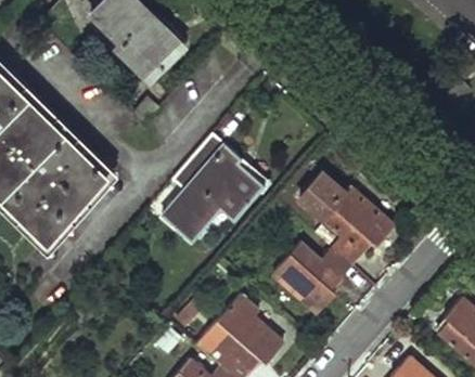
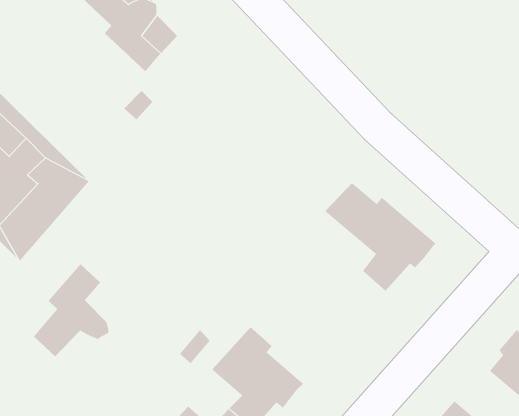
building: [162,133,266,243] -> none
building: [272,240,351,313] -> none
building: none -> [33,263,109,357]

